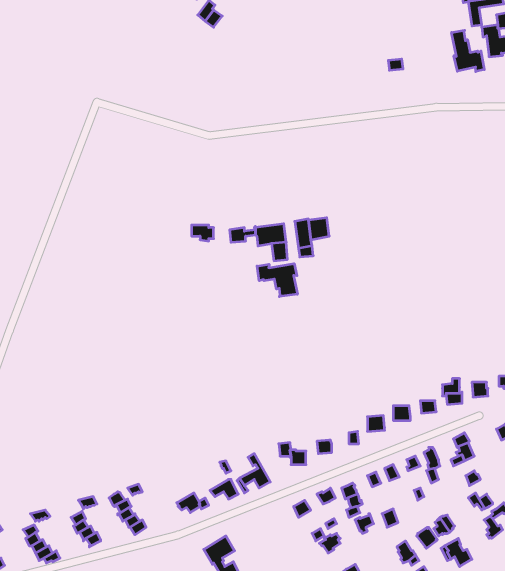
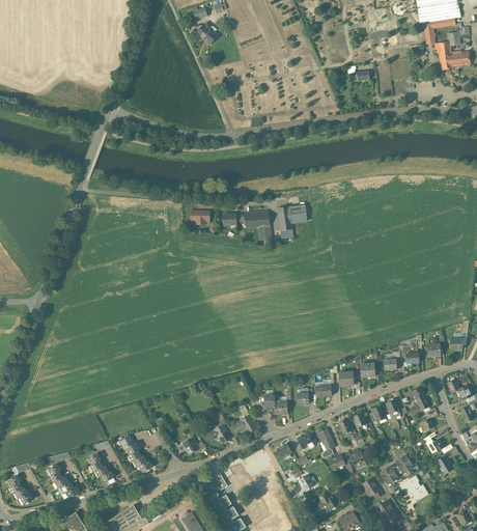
building: [452,30,484,72] -> none
building: [257,264,297,297] -> none

